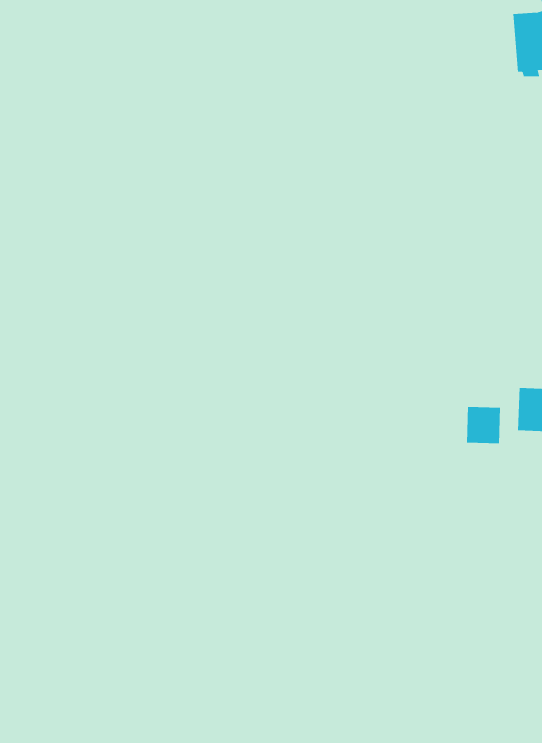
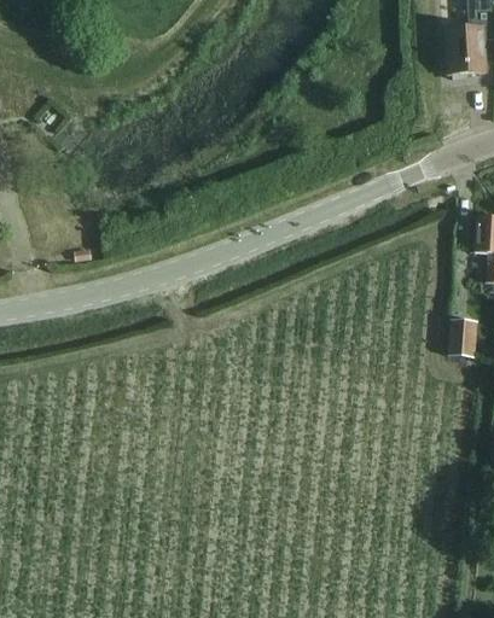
building: [467,406,501,444] -> none

